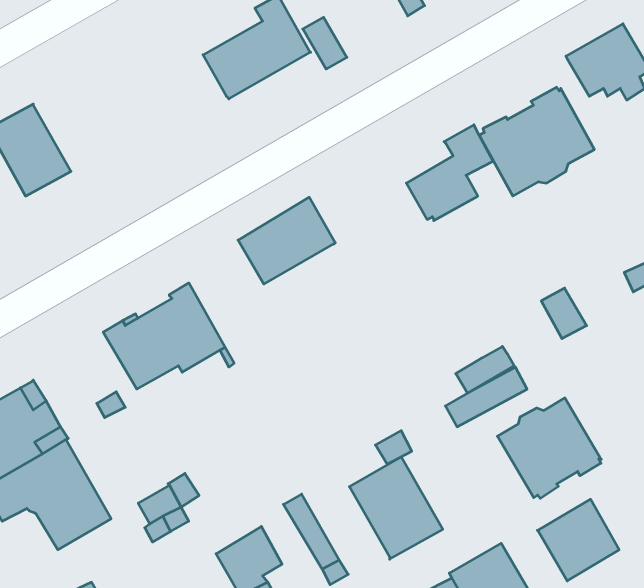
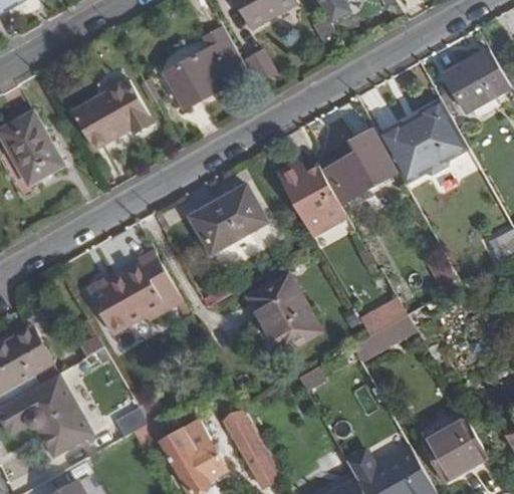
building: none -> [71,78,152,149]
building: none -> [276,163,344,234]
building: [497,398,601,498] -> none
building: [349,457,443,559] -> [248,273,320,352]
building: none -> [163,421,209,460]

